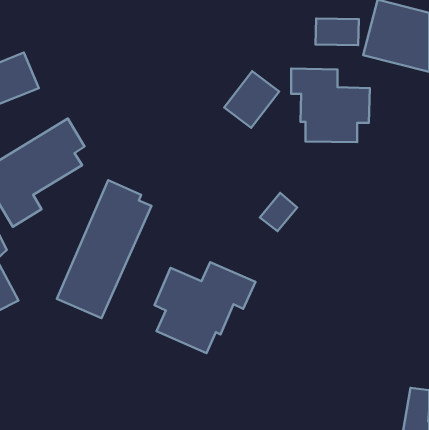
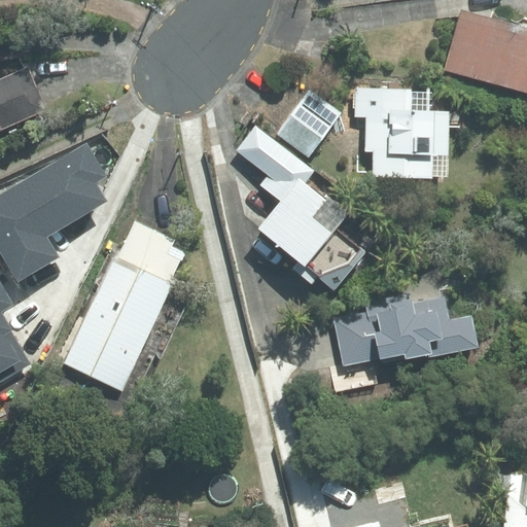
building: [315,18,359,45] -> none
building: none -> [236,126,333,262]
building: none -> [331,295,478,367]
building: [154,262,255,353] -> none

